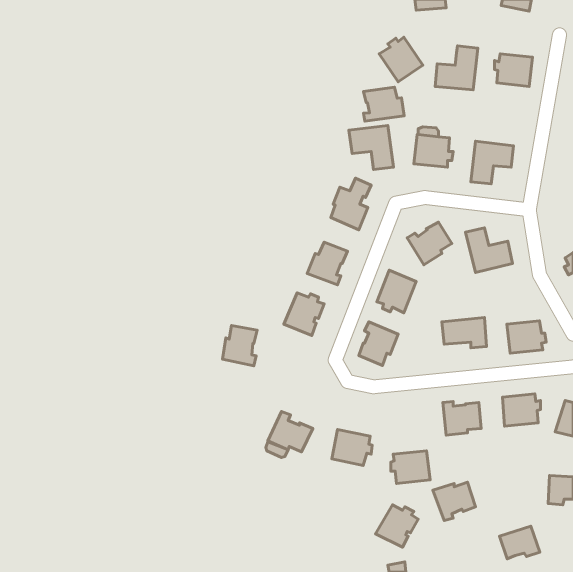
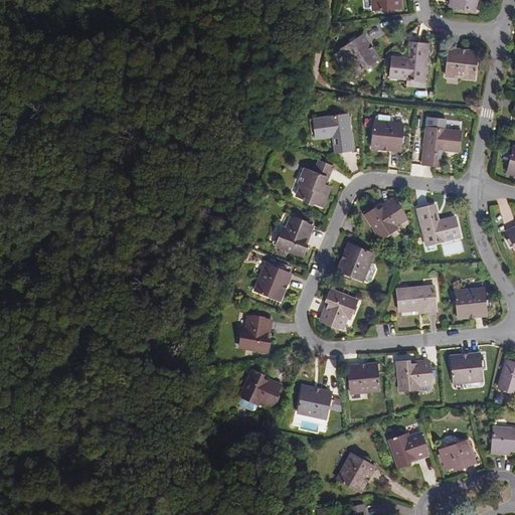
building: [364,87,404,121] -> none
building: [223,326,257,366] -> [239,316,271,352]
building: [391,451,430,483] -> [345,363,380,392]
building: [499,526,540,559] -> [440,440,476,469]

